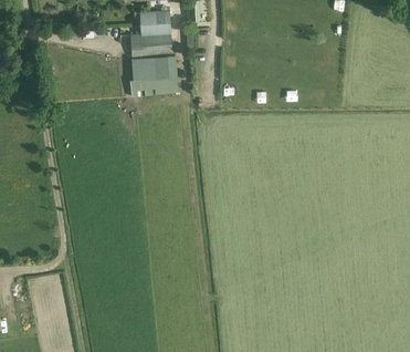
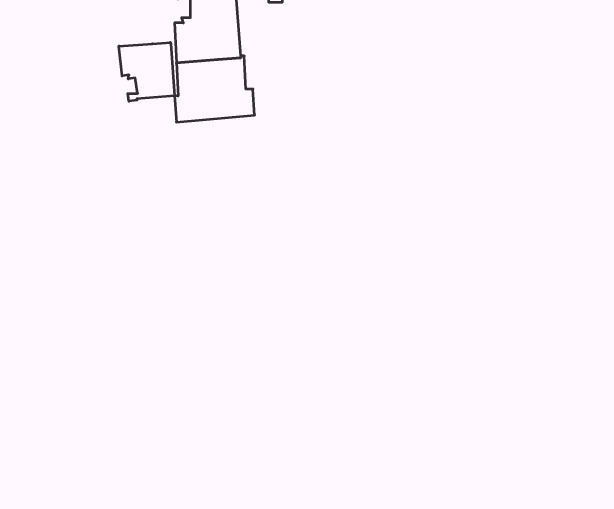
building: none -> [119,42,175,101]

